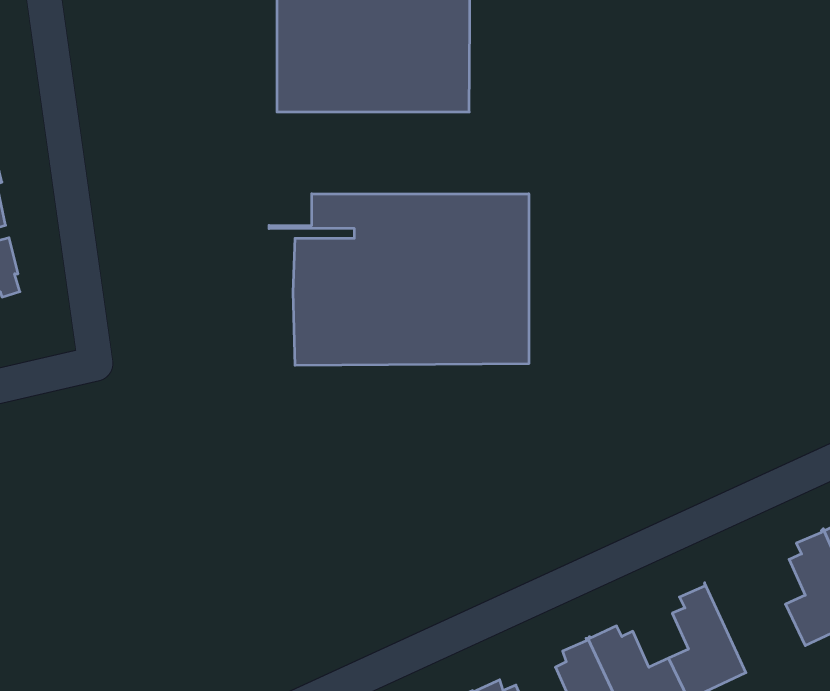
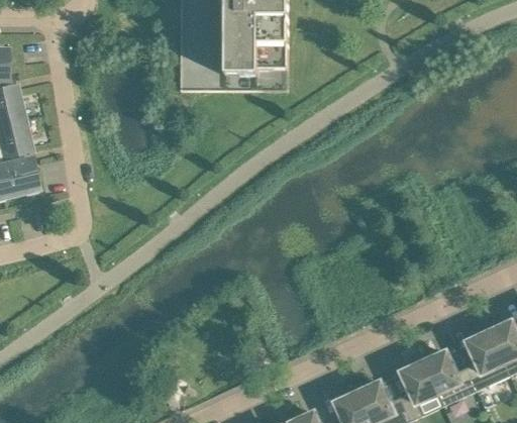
building: [269,194,529,365] -> none
building: none -> [421,348,478,405]

